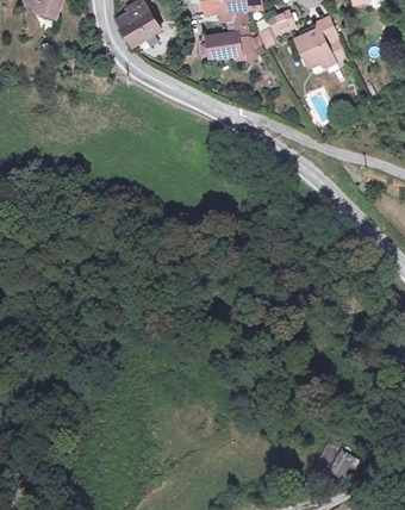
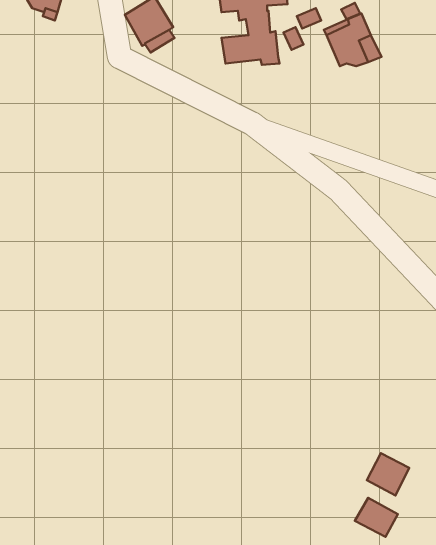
building: none -> [367,453,409,496]

